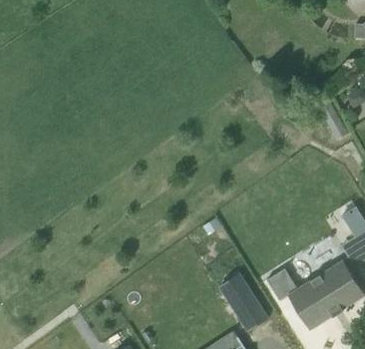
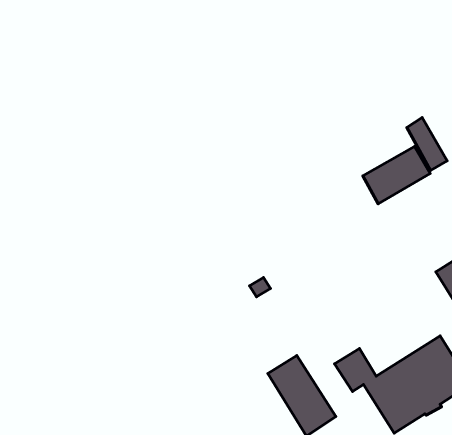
building: none -> [363,147,430,204]

